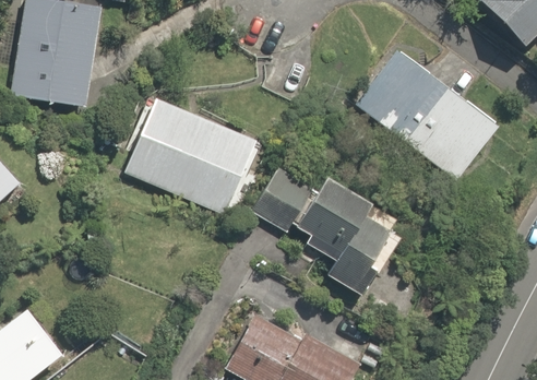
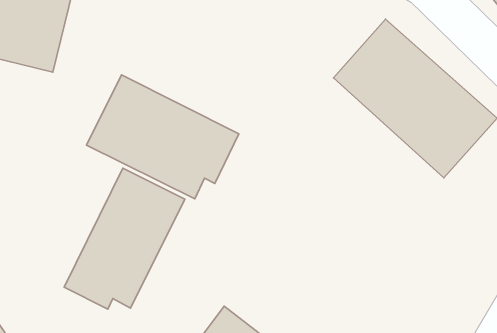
building: [256,171,406,311] -> none
building: none -> [64,168,185,309]

